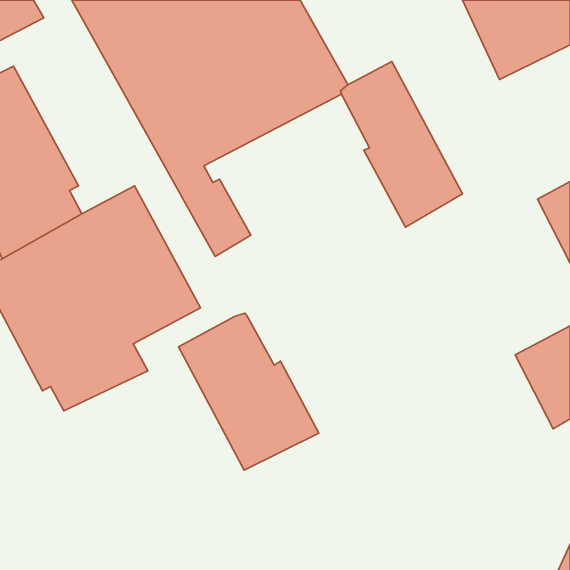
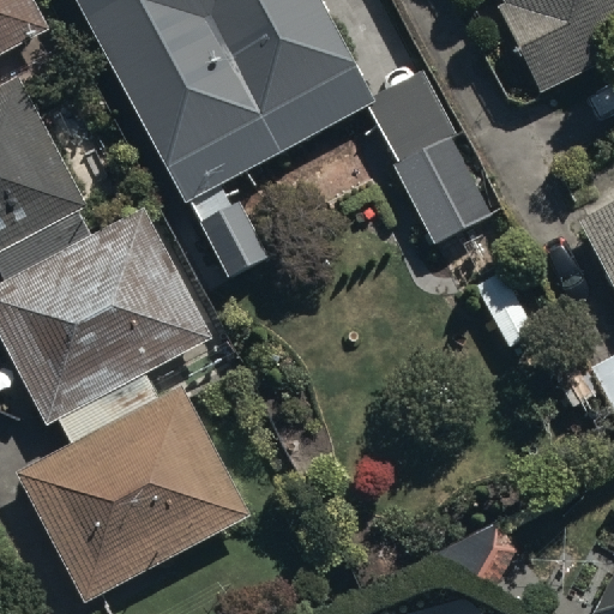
building: [179,313,319,470] -> none
building: none -> [16,386,252,602]

